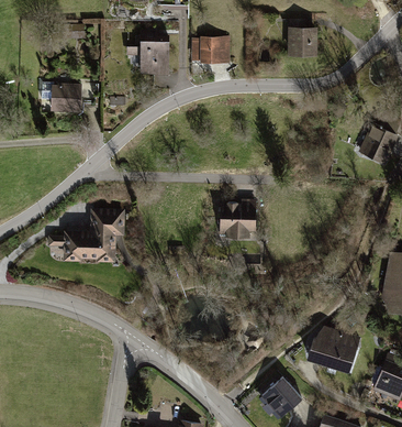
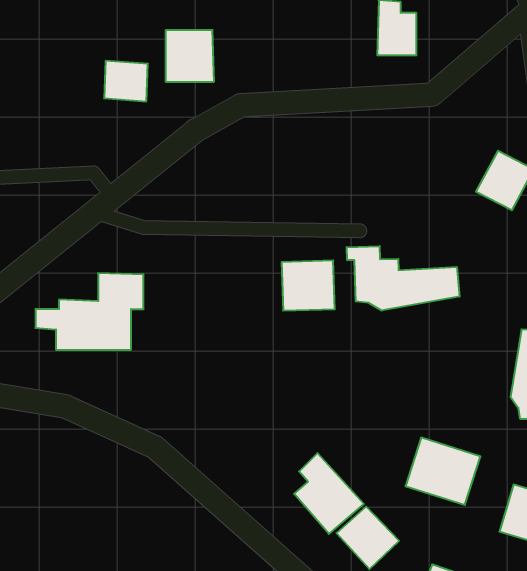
building: [193,36,231,63] -> none
building: [51,84,81,112] -> [104,61,148,101]
building: none -> [347,246,460,311]
building: none -> [294,453,364,534]

